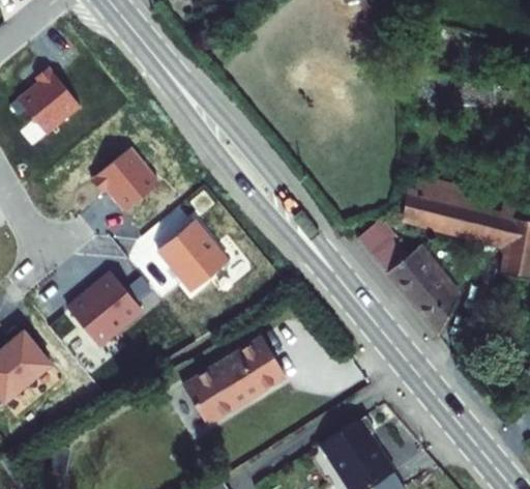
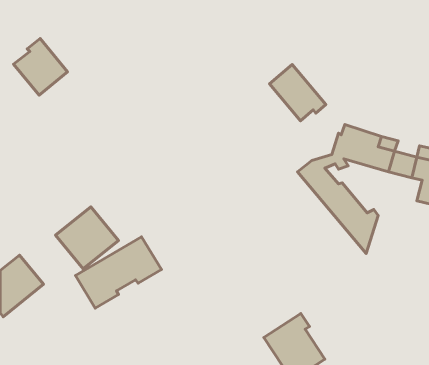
building: none -> [269,65,326,121]
building: [92,151,158,213] -> none
building: [156,223,229,295] -> none
building: [192,325,295,411] -> [75,237,161,308]

